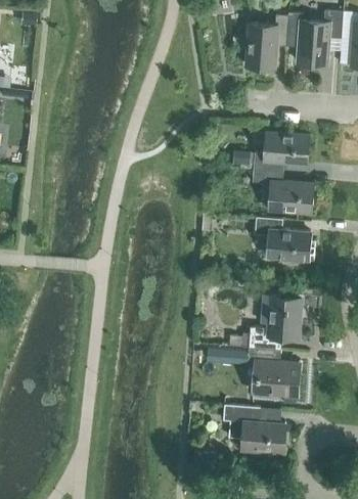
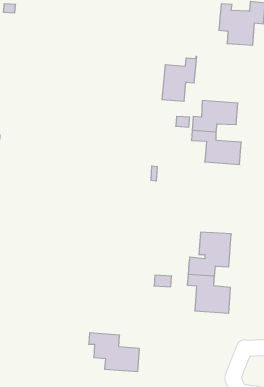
building: [247,13,289,69] -> [162,56,197,101]
building: [255,218,315,263] -> none
building: [223,405,285,453] -> [89,333,139,372]

